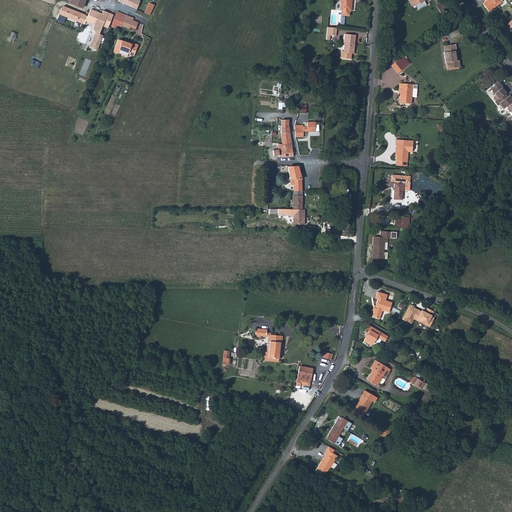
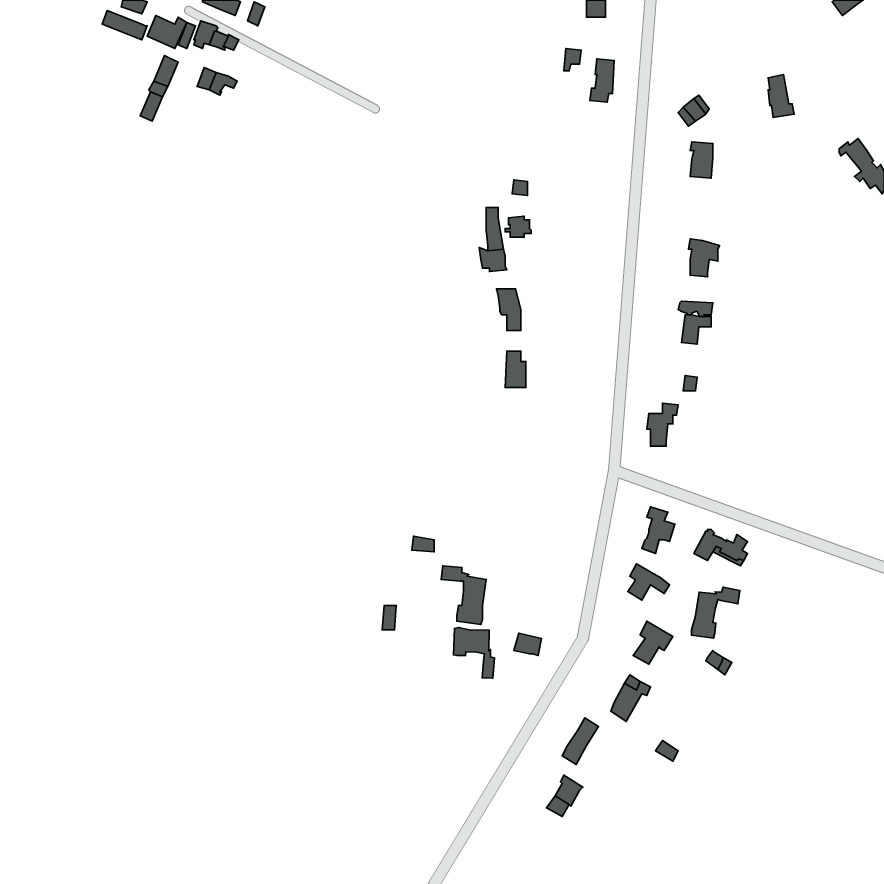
building: none -> [691,587,740,638]
building: none -> [453,628,495,678]

